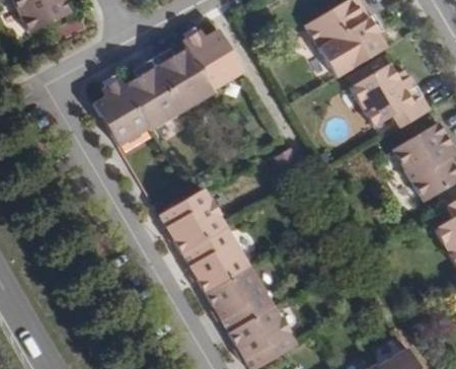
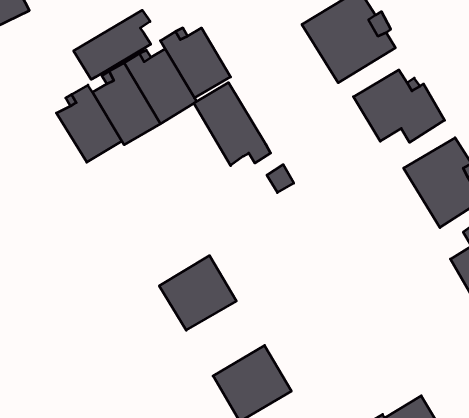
building: none -> [74,10,151,79]
building: none -> [194,83,271,166]
building: [158,187,225,252] -> none
building: [205,266,273,330] -> none

